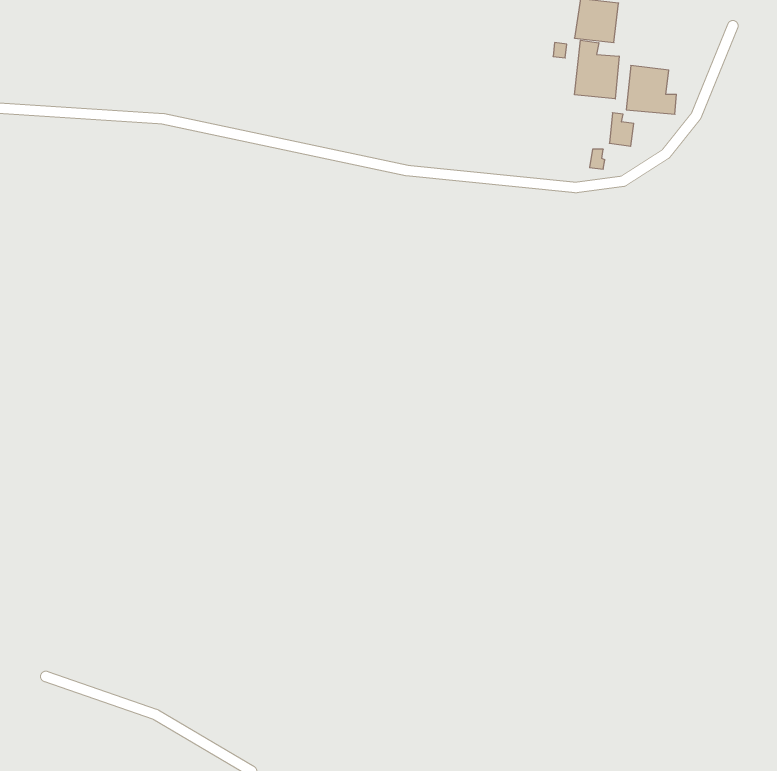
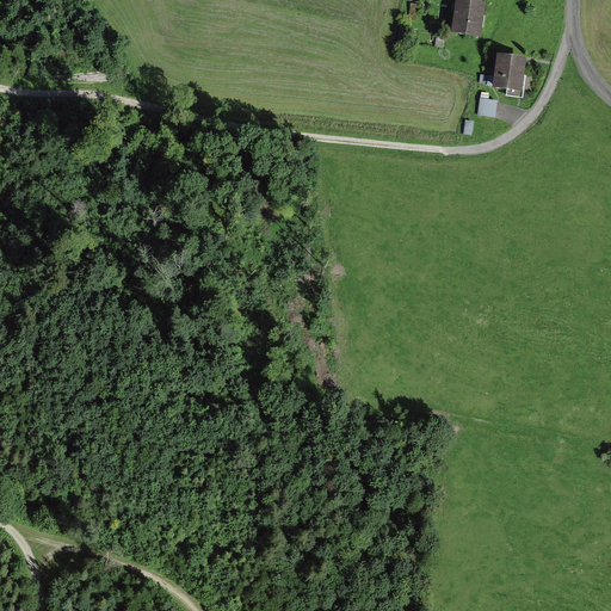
building: [575,40,619,99] -> none

